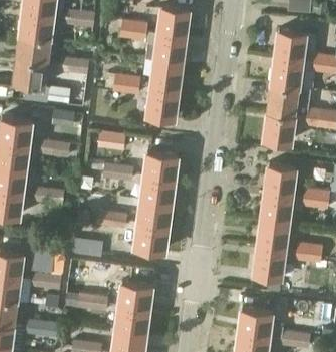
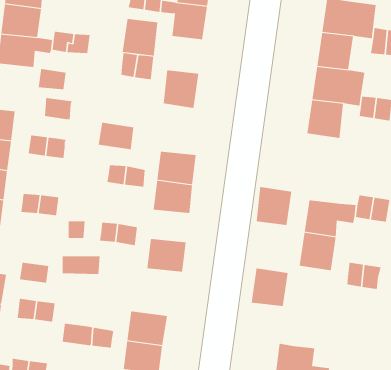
building: [151,60,181,90] -> [122,19,158,56]
building: [266,163,295,195] -> [256,187,292,225]
building: [138,200,171,226] -> none
building: [254,245,284,276] -> [251,268,288,306]

